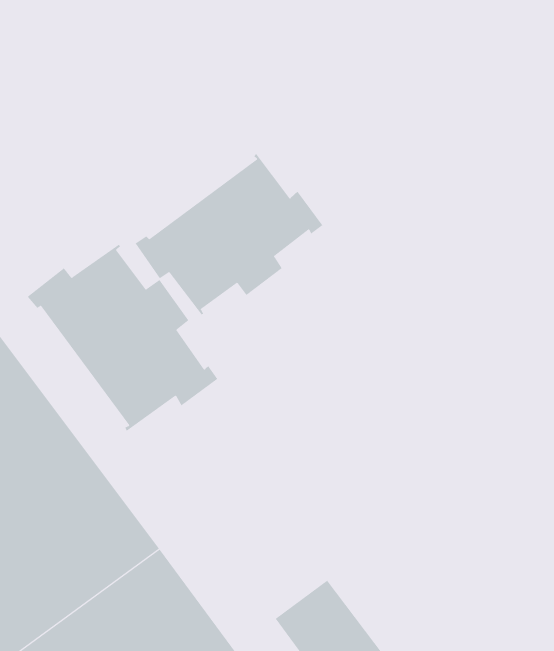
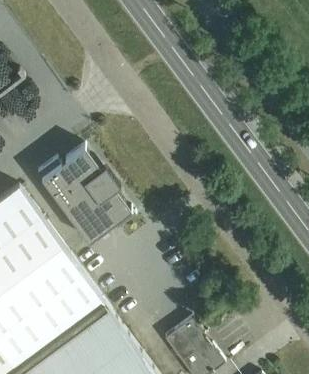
building: [135,153,323,315] -> none

